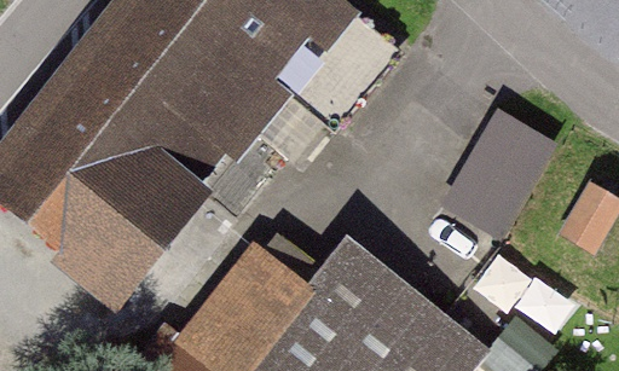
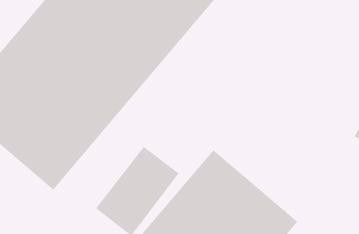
building: [446,111,556,232] -> none

